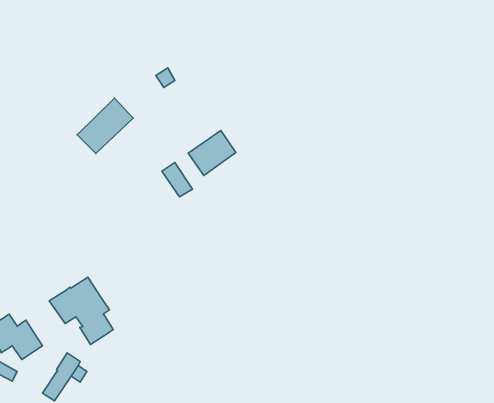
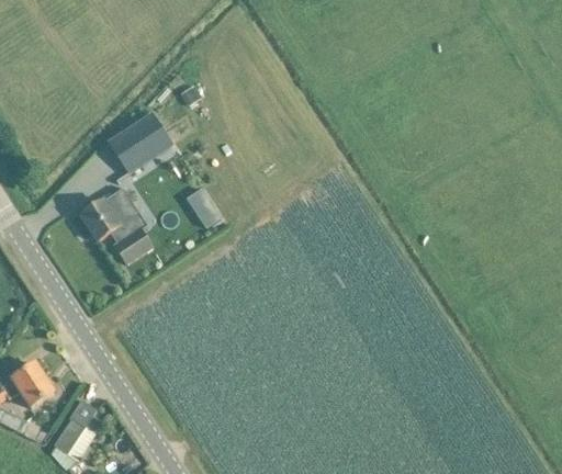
building: [188,131,236,175] -> none
building: [49,277,113,344] -> [81,189,153,263]

